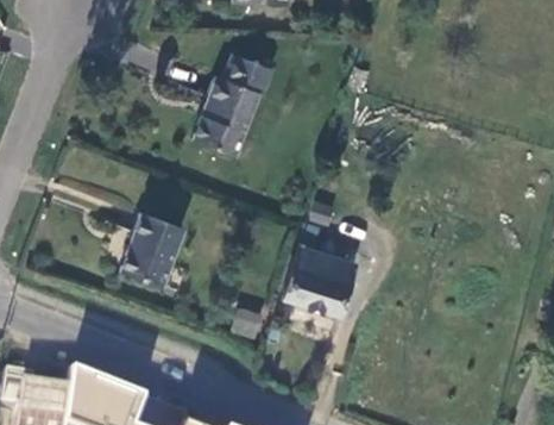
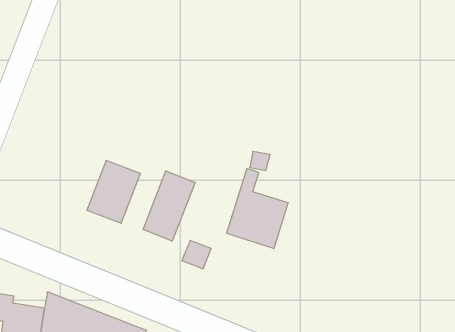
building: [191,55,270,157] -> none
building: none -> [143,171,195,241]

